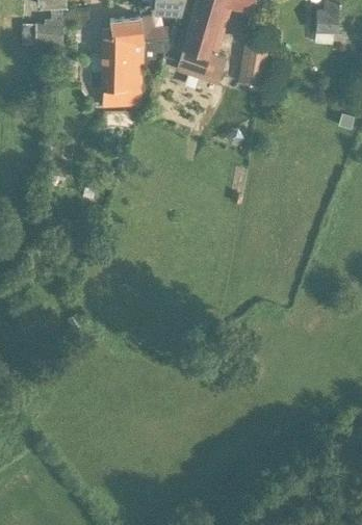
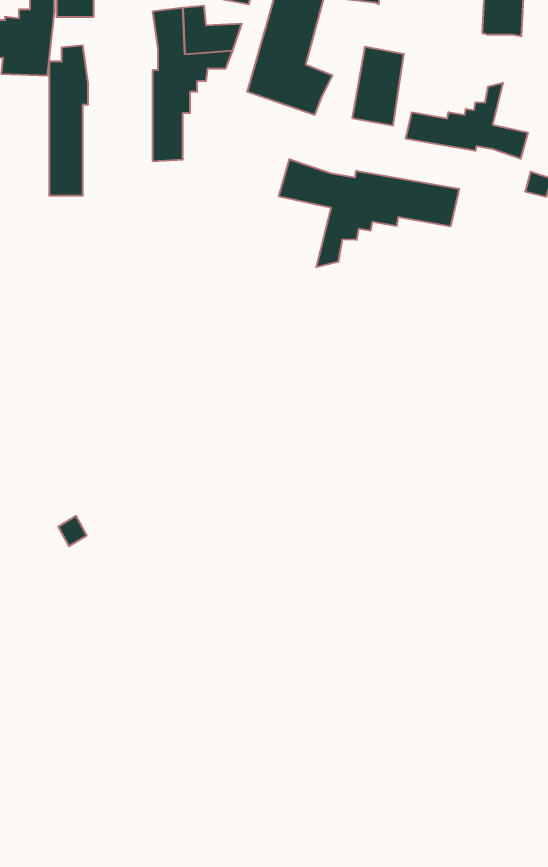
building: [103,19,126,106] -> [49,46,88,195]
building: none -> [406,83,528,159]
building: none -> [279,159,459,267]

